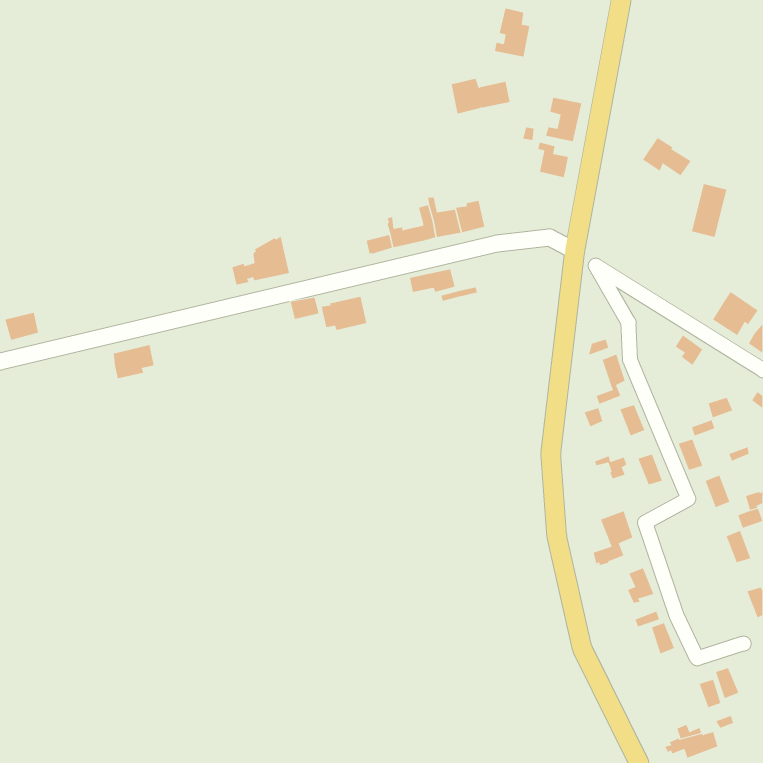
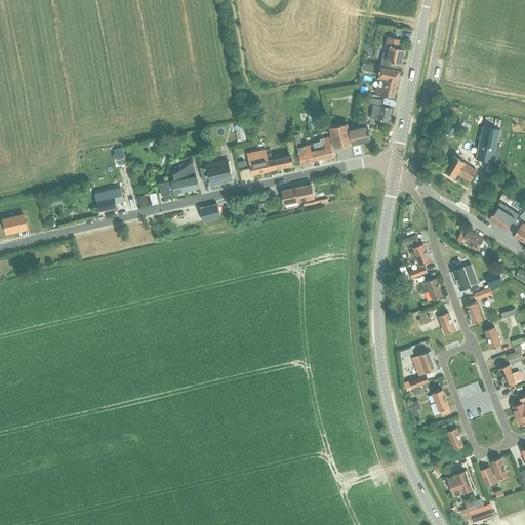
building: [494,8,530,57] -> [379,37,404,71]
building: [451,78,511,114] -> [329,124,370,149]
building: [642,137,691,176] -> [443,155,477,181]
building: [321,296,367,331] -> [200,160,232,184]
building: [113,344,155,379] -> [95,188,124,211]
building: none -> [453,265,478,289]
building: none -> [447,471,473,496]

